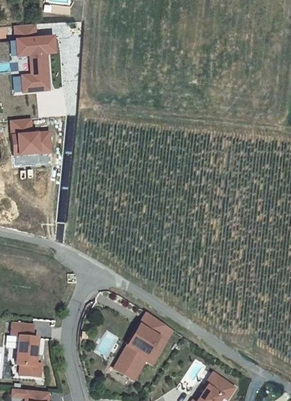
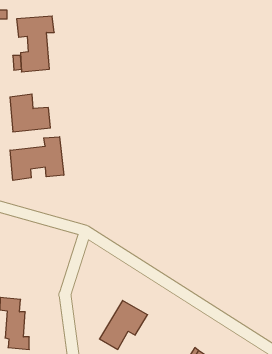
building: none -> [10,137,64,180]
building: [135,314,169,343] -> none

